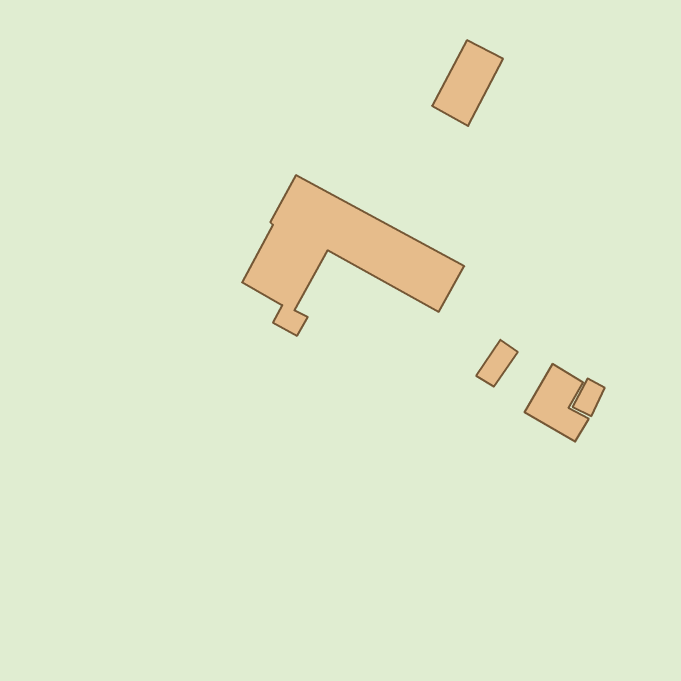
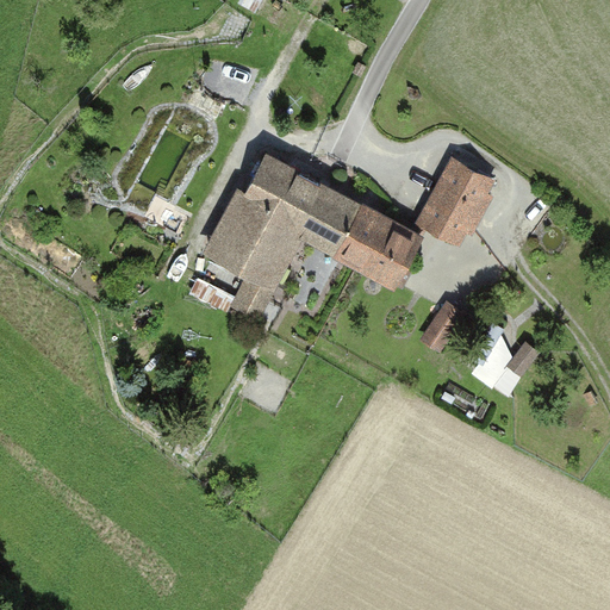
building: [432,40,503,126] -> [423,164,486,241]

